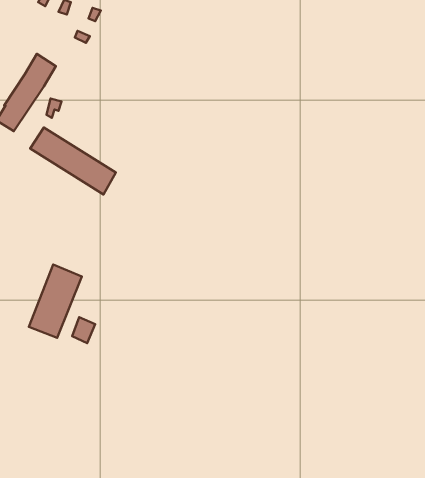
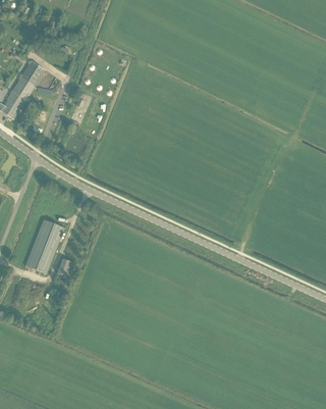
building: [30,128,116,195] -> none

